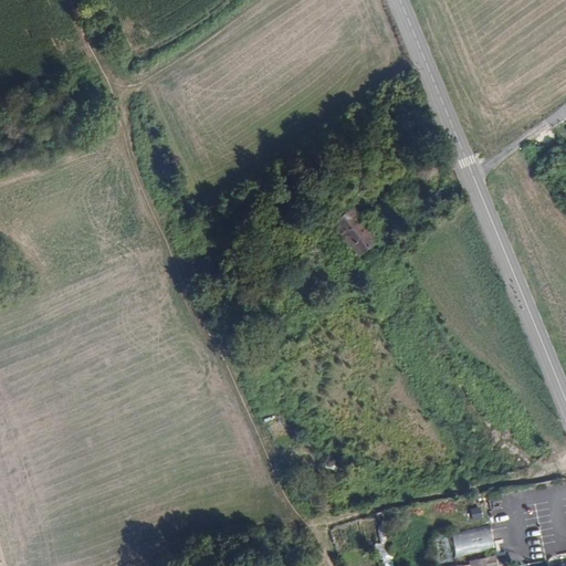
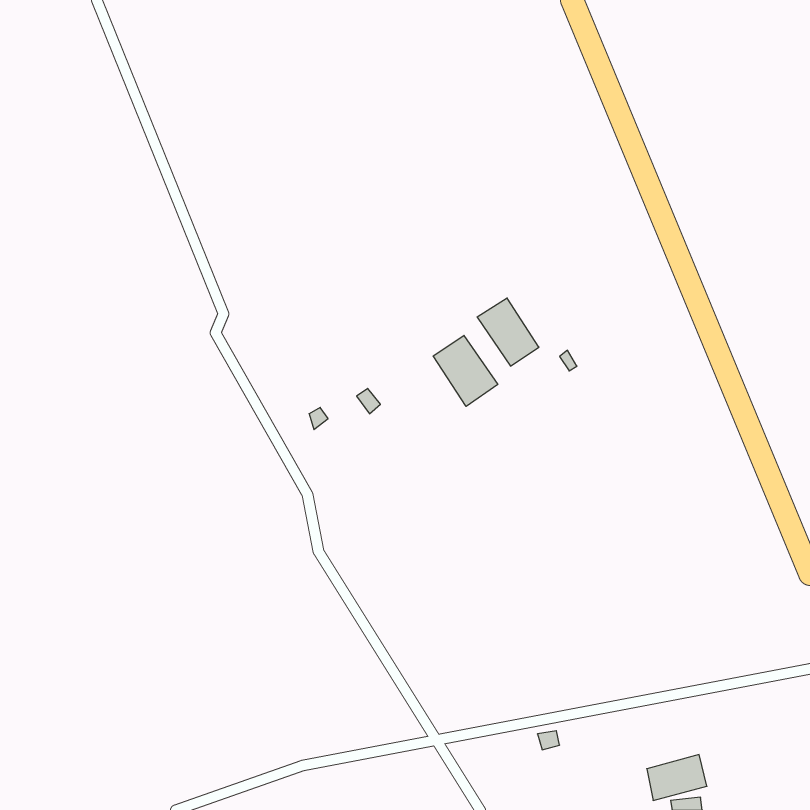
building: none -> [433,335,498,406]

